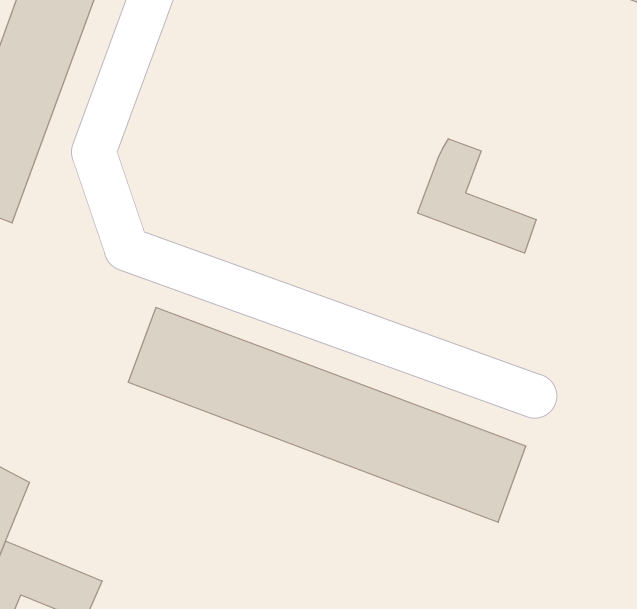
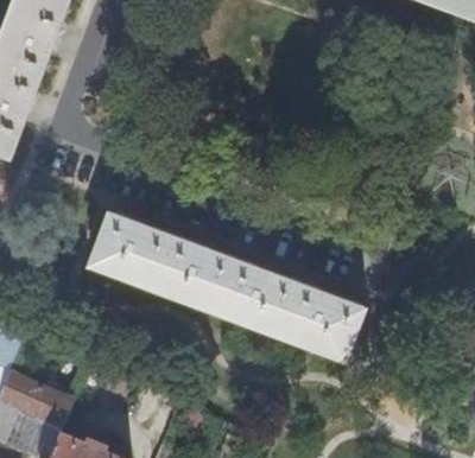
building: [417,139,536,253] -> none

